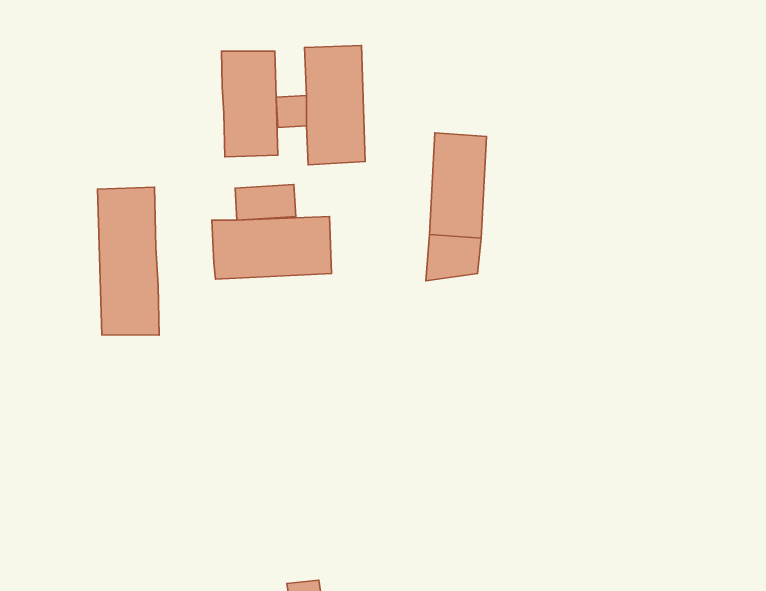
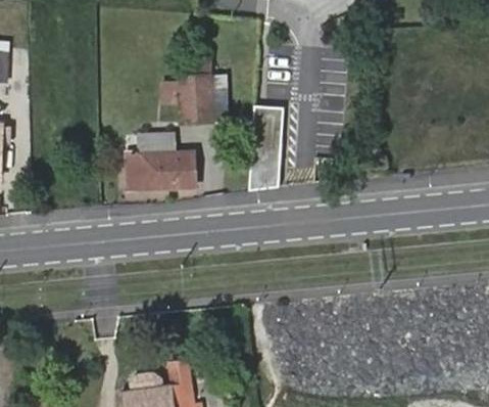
building: [222,51,278,157] -> none
building: [97,187,159,335] -> none

